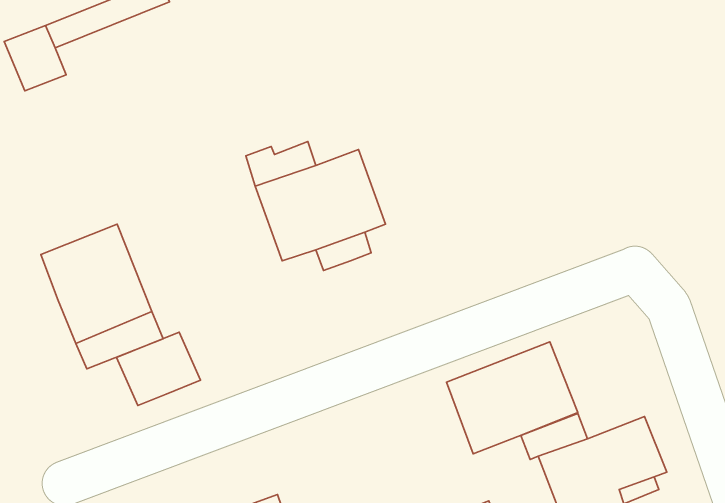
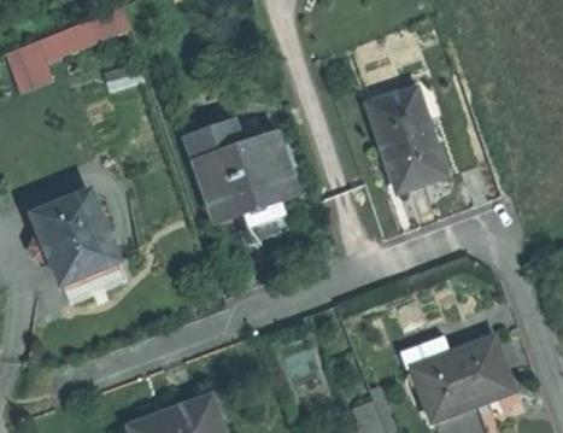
building: none -> [365,88,444,193]
building: [117,332,200,405] -> none
building: [447,342,578,454] -> none

